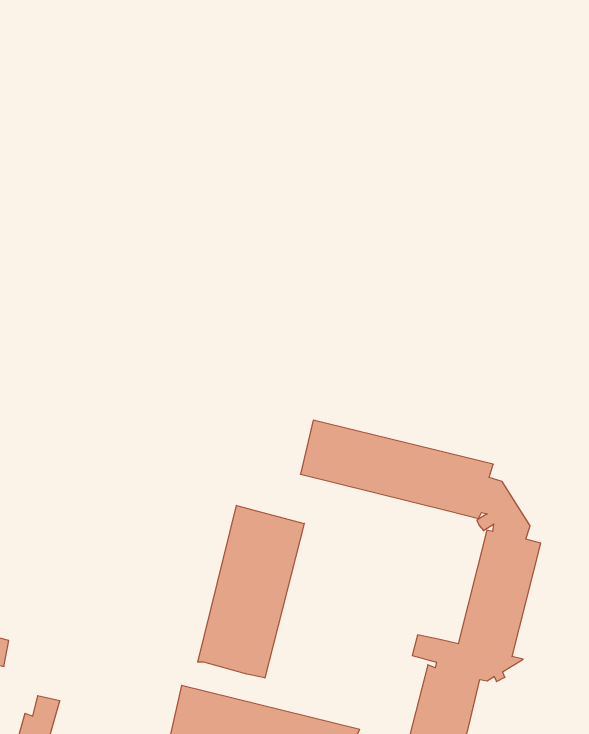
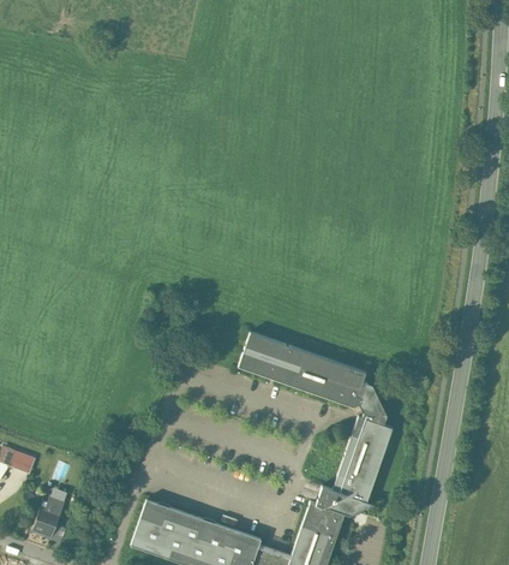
building: [198,505,304,678] -> none

